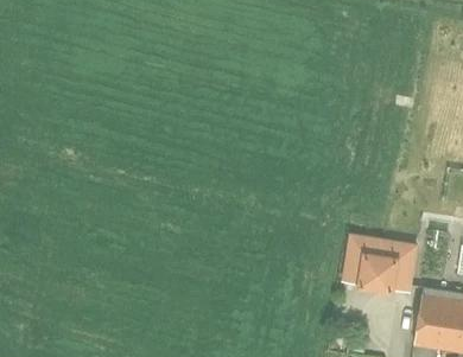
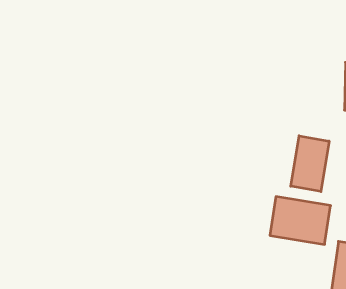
building: none -> [291,136,329,192]

